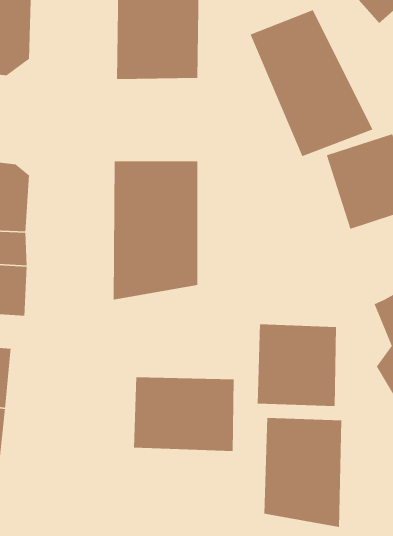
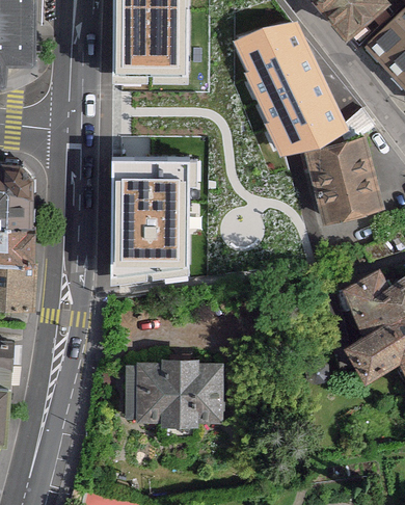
building: [257,323,337,407] -> none
building: [263,417,342,528] -> none

